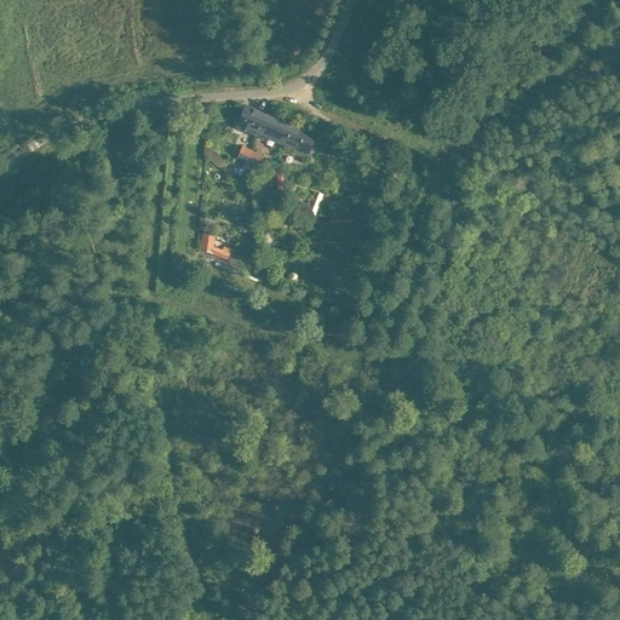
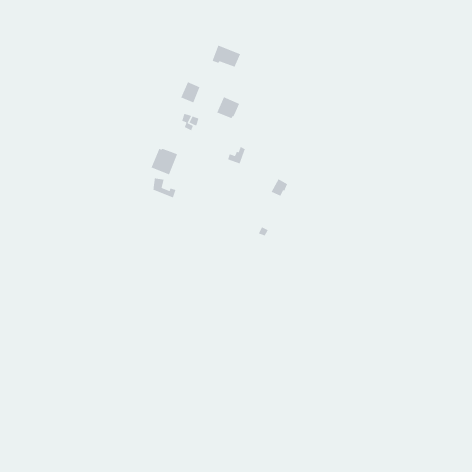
building: [254,114,293,148] -> [212,45,241,70]
building: none -> [151,148,178,175]

